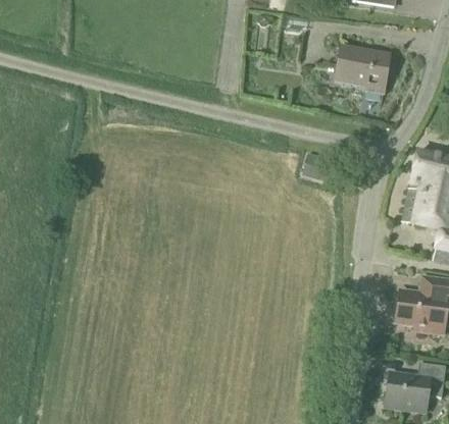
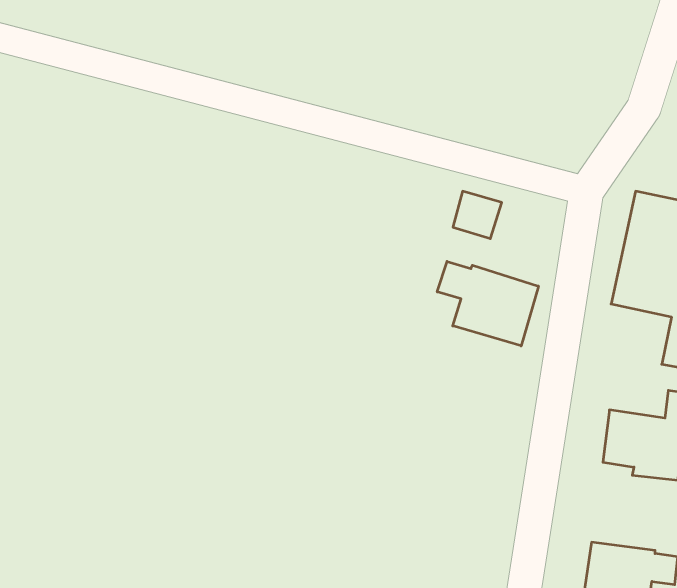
building: [335,47,389,92] -> none
building: none -> [437,261,538,346]

